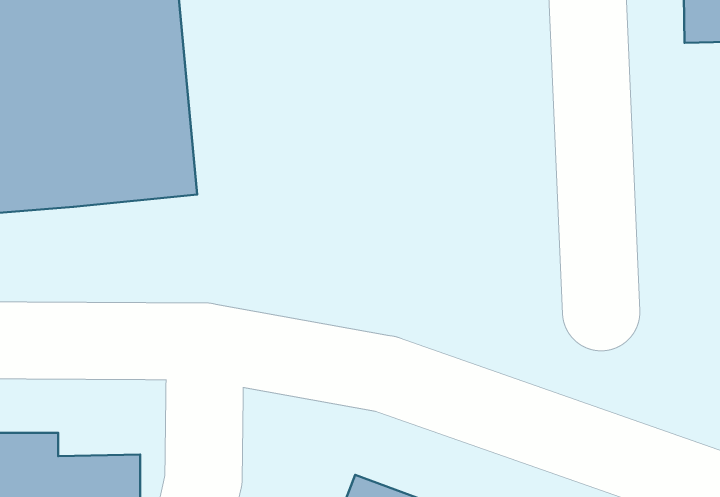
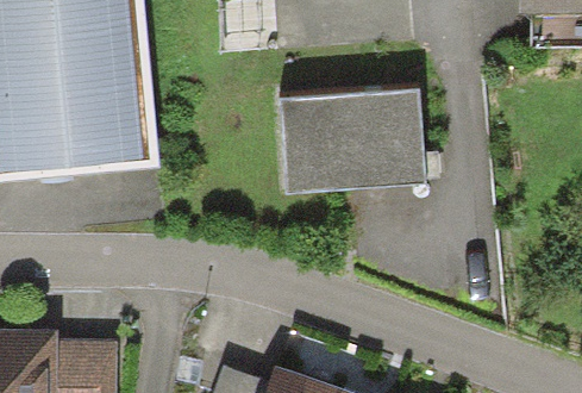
building: none -> [279,88,425,192]

